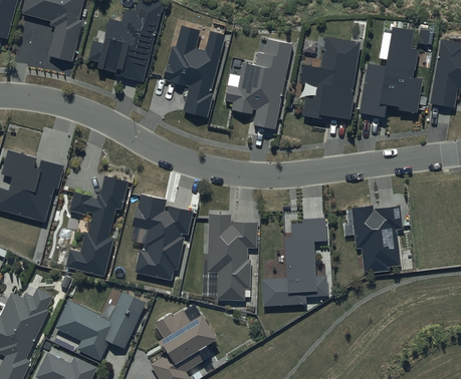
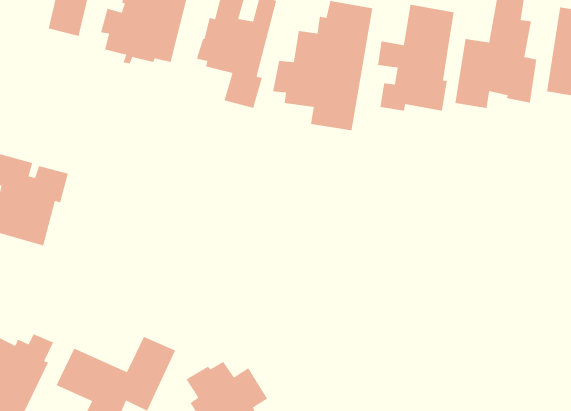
building: [64,175,128,277] -> none
building: [134,196,190,277] -> none
building: [351,206,402,274] -> none
building: [206,215,257,300] -> none
building: [260,218,327,307] -> none

